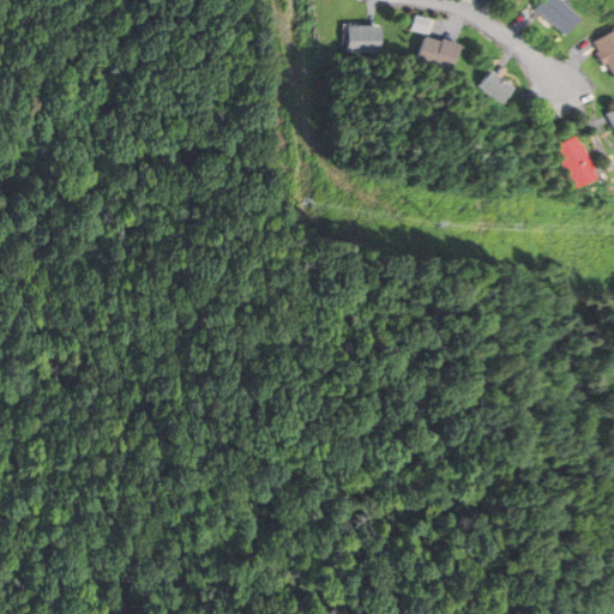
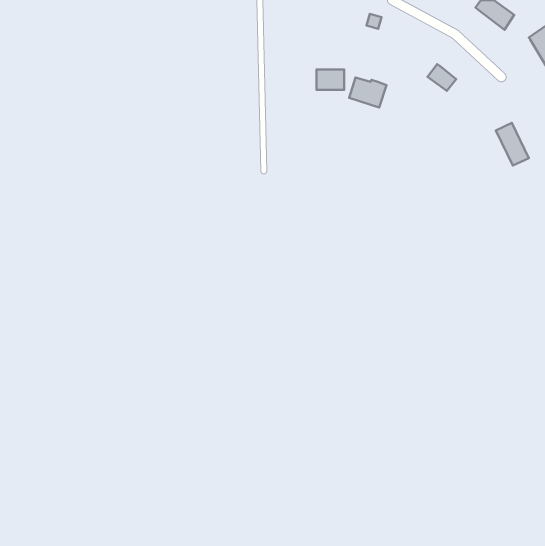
building: [348,28,379,50] -> [316,70,344,90]
building: [419,37,460,71] -> [349,78,387,108]

